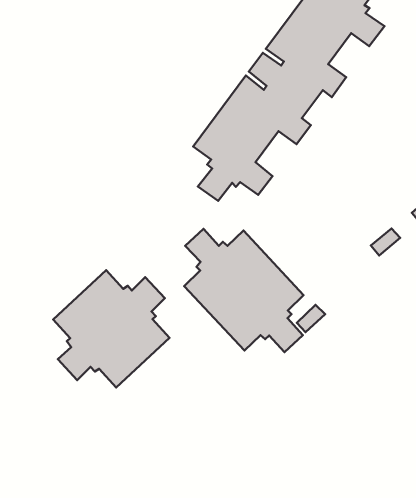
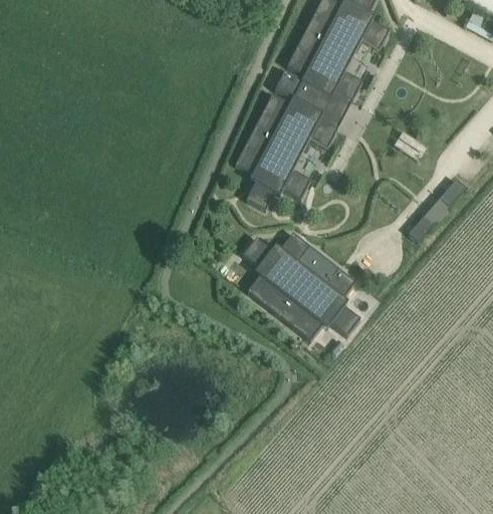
building: [53,270,169,387] -> none

